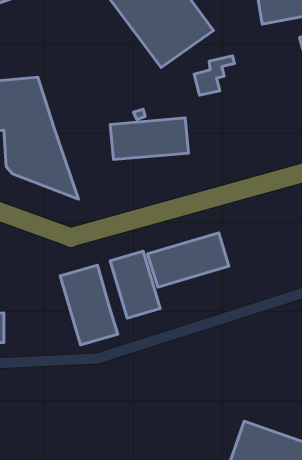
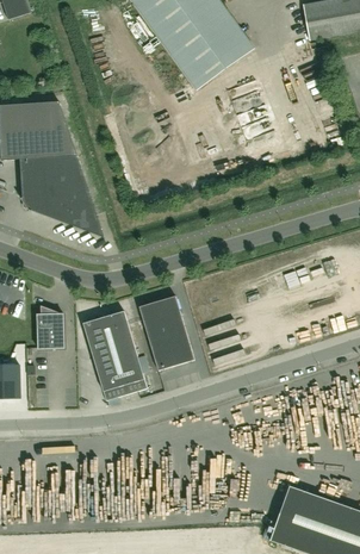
building: [110,118,189,160] -> none
building: [148,233,229,287] -> none
building: none -> [36,305,63,348]

